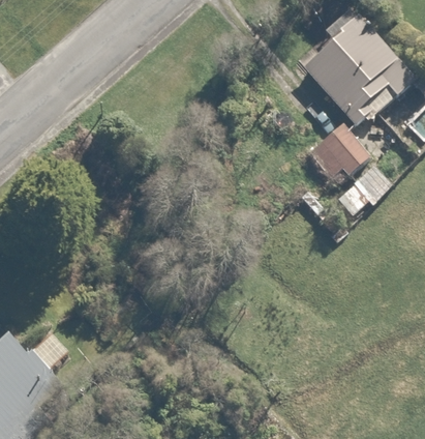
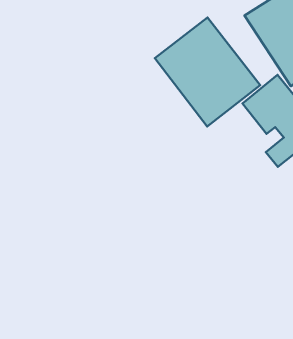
building: none -> [155,18,260,127]

